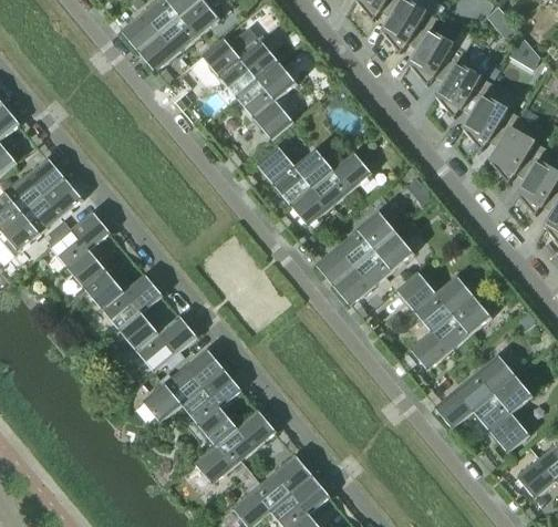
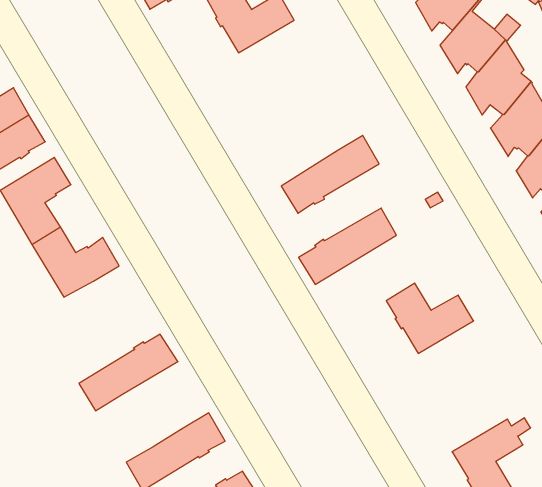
building: [236,61,297,138] -> none
building: [255,144,332,205] -> none
building: [332,231,413,304] -> none
building: [409,294,490,369] -> none
building: [118,311,197,371] -> none
building: [433,353,515,427] -> none
building: [182,369,241,445] -> none

